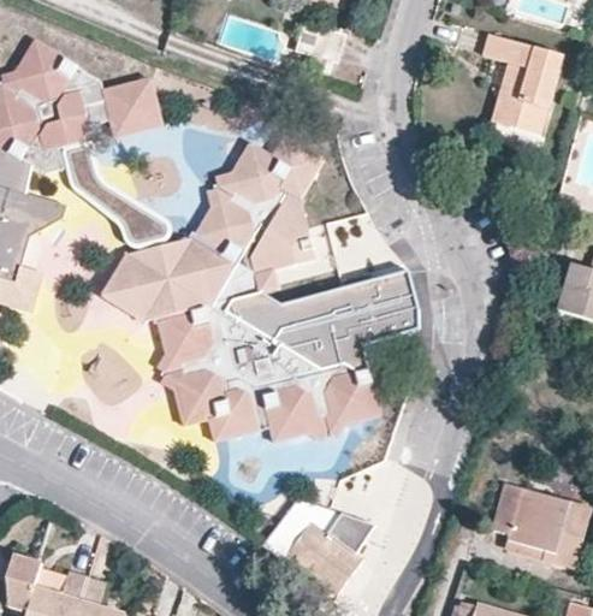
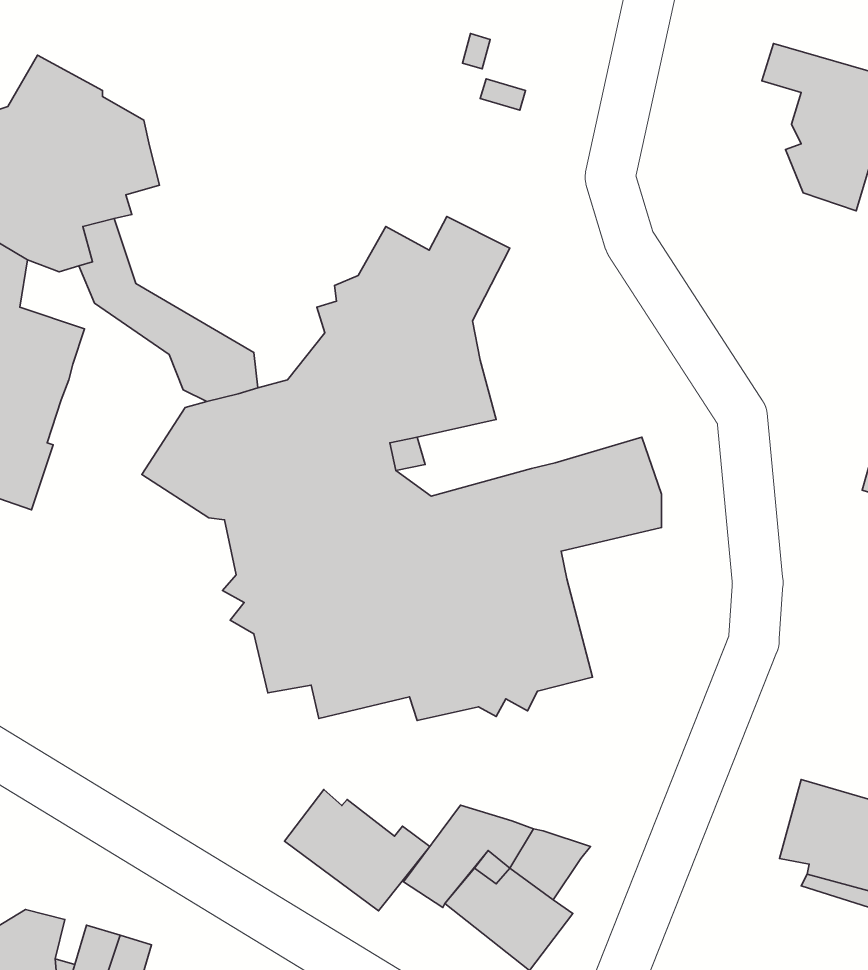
building: [105,81,165,140] -> none
building: none -> [284,790,430,911]

